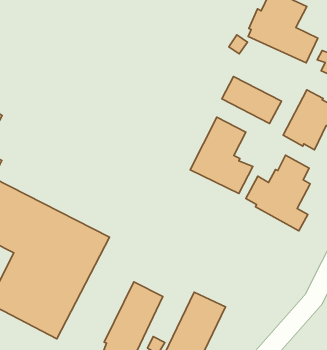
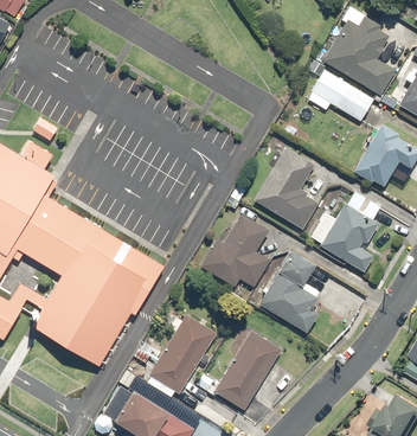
building: [222,76,281,123] -> [310,70,373,122]
building: none -> [199,213,269,288]
building: none -> [258,250,319,332]

